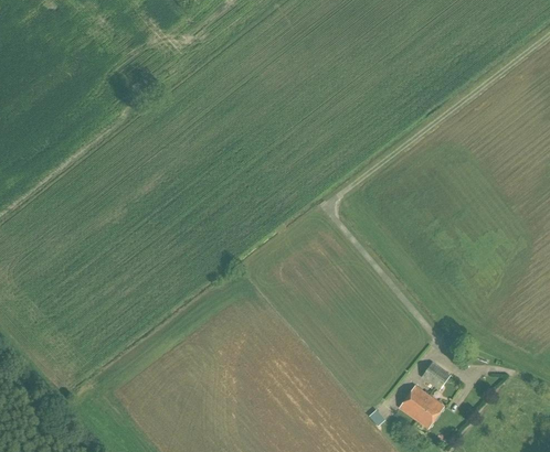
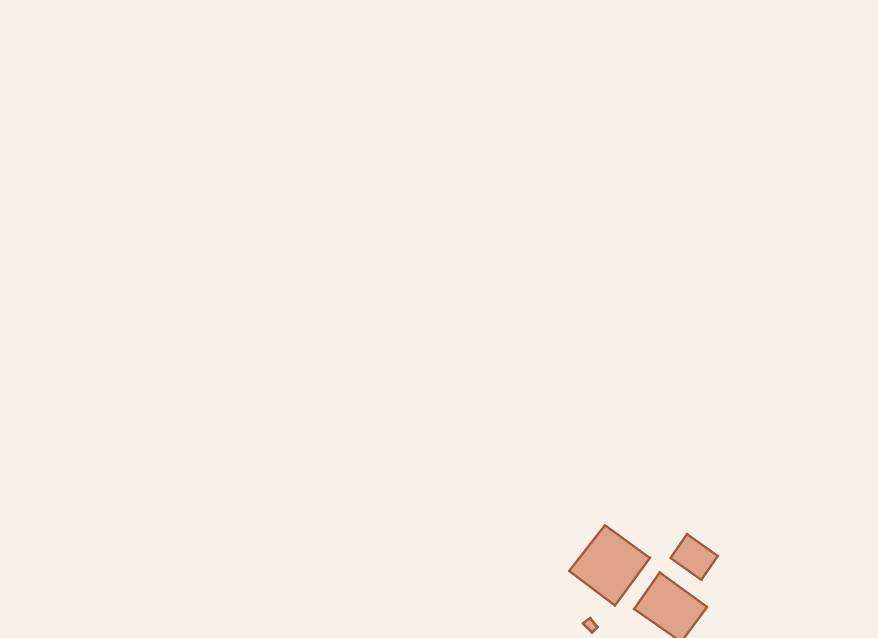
building: none -> [569,525,650,606]

